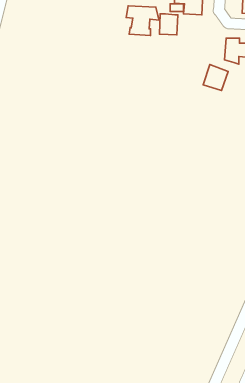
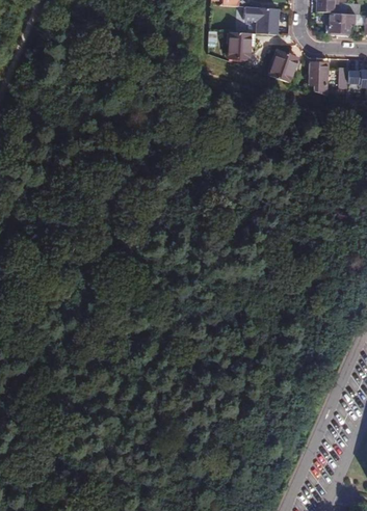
building: [126,6,159,36] -> none
building: [203,65,228,91] -> [268,50,299,82]

